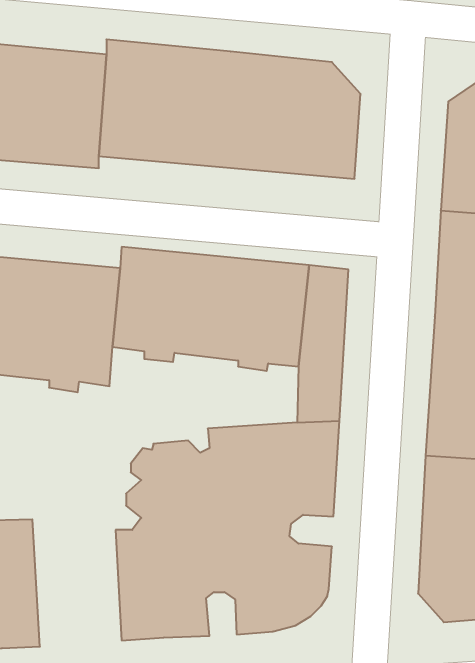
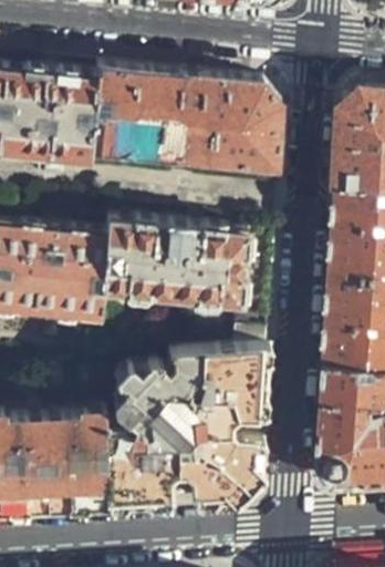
building: none -> [40,408,105,512]

